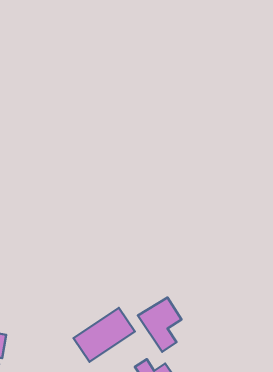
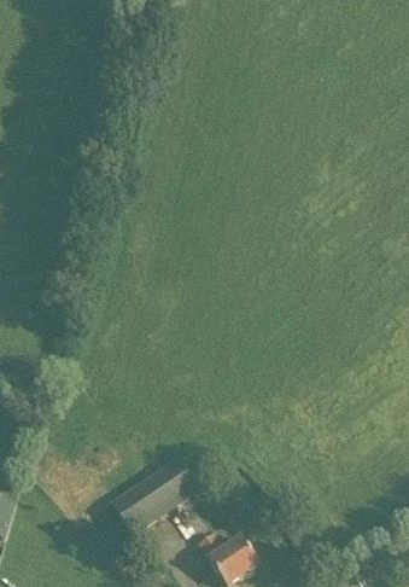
building: [138,297,181,352] -> none

